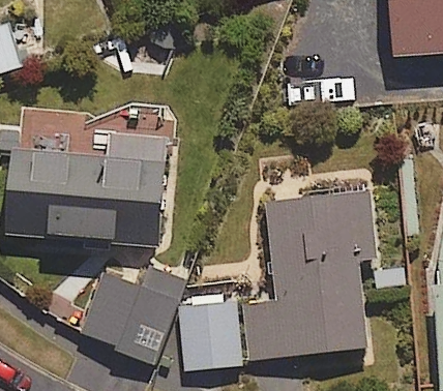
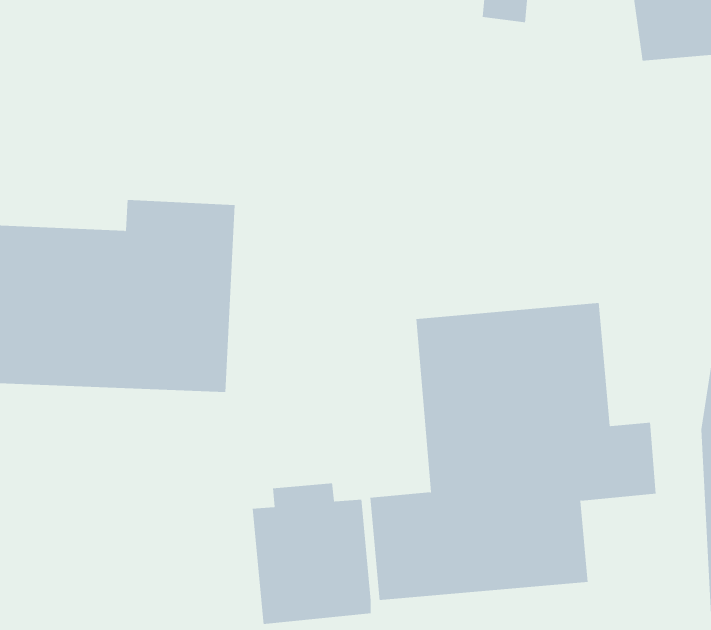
building: [78,264,188,363] -> none

